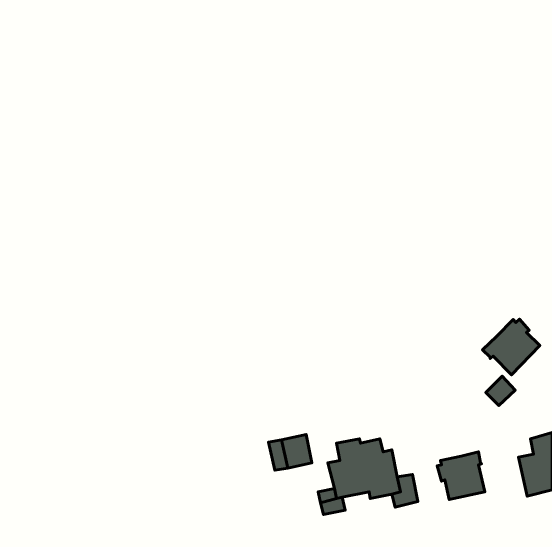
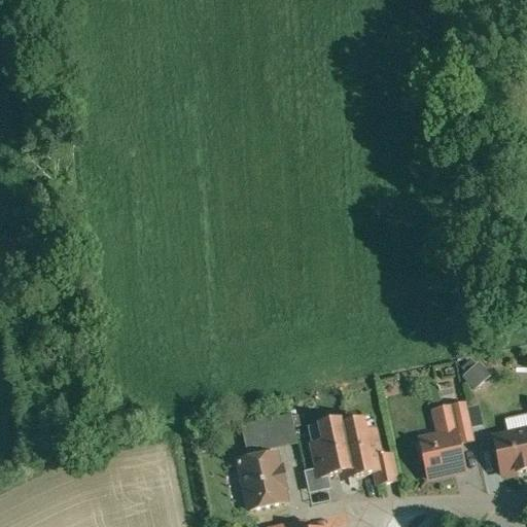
building: [483,319,540,375] -> none
building: none -> [432,401,473,441]
building: none -> [238,452,284,507]

